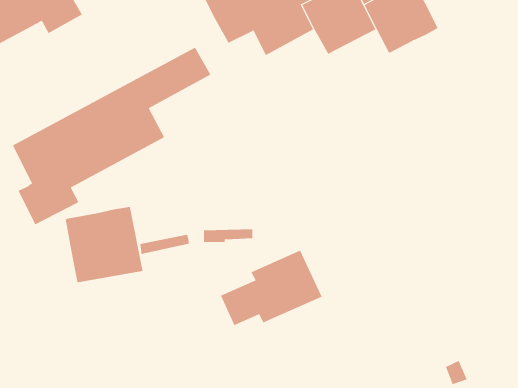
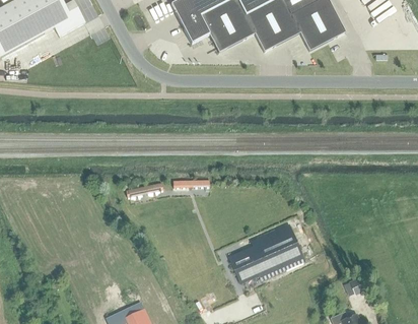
building: [12,47,211,225] -> none
building: [65,206,143,283] -> none
building: [220,250,322,326] -> [229,223,304,279]

